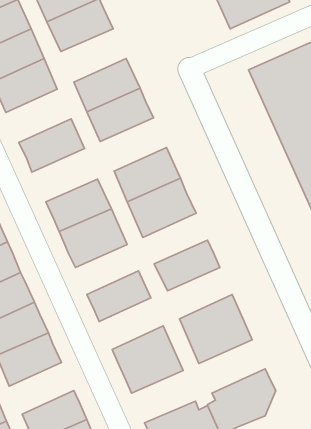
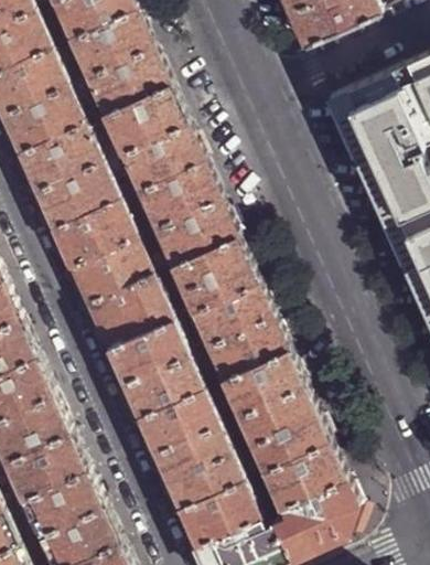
building: none -> [88,49,171,116]
building: none -> [19,125,101,192]
building: none -> [138,161,222,228]
building: none -> [52,200,135,267]
building: none -> [192,281,273,345]
building: none -> [107,321,186,384]
building: none -> [223,350,304,415]
building: none -> [137,388,217,454]
building: none -> [262,441,346,509]
building: none -> [23,470,105,535]
building: none -> [178,480,259,546]

